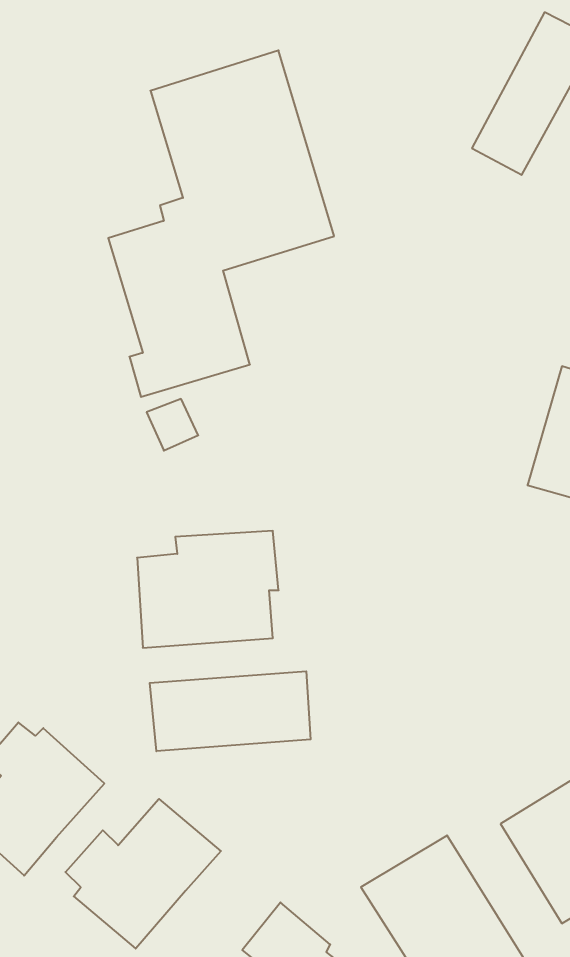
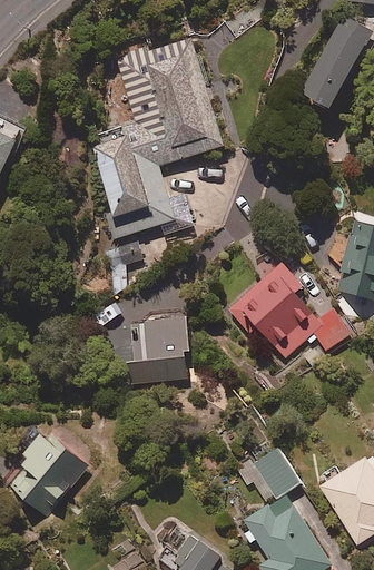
building: none -> [226,263,350,363]
building: [150,671,311,751] -> none
building: none -> [237,446,299,504]
building: [65,799,221,949] -> none

